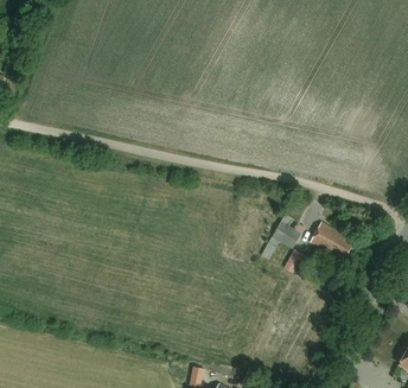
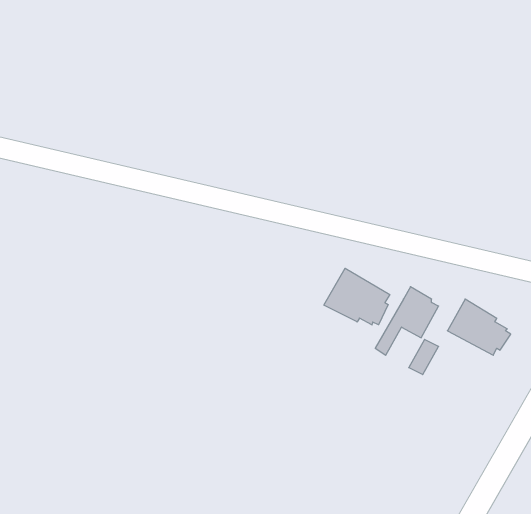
building: none -> [324,268,390,325]

